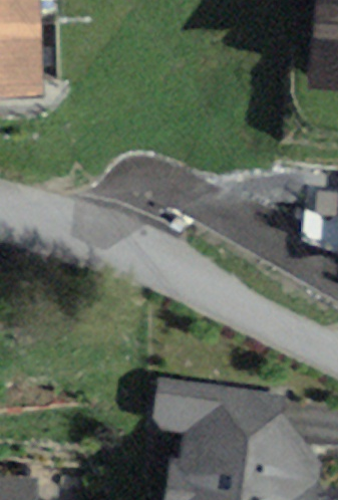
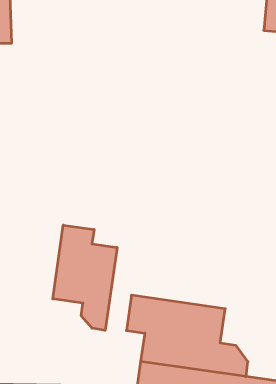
building: none -> [53,225,117,330]

